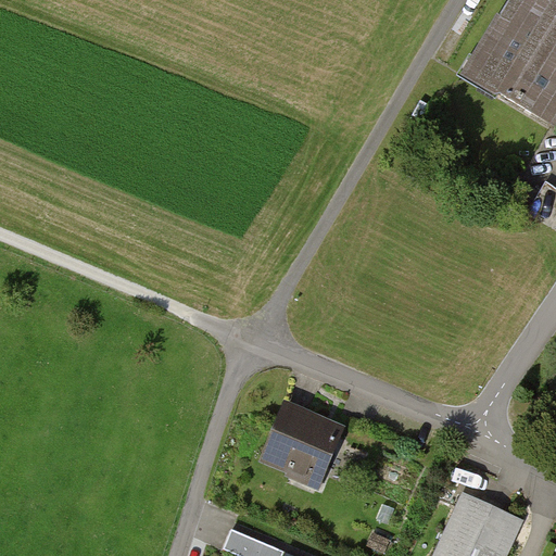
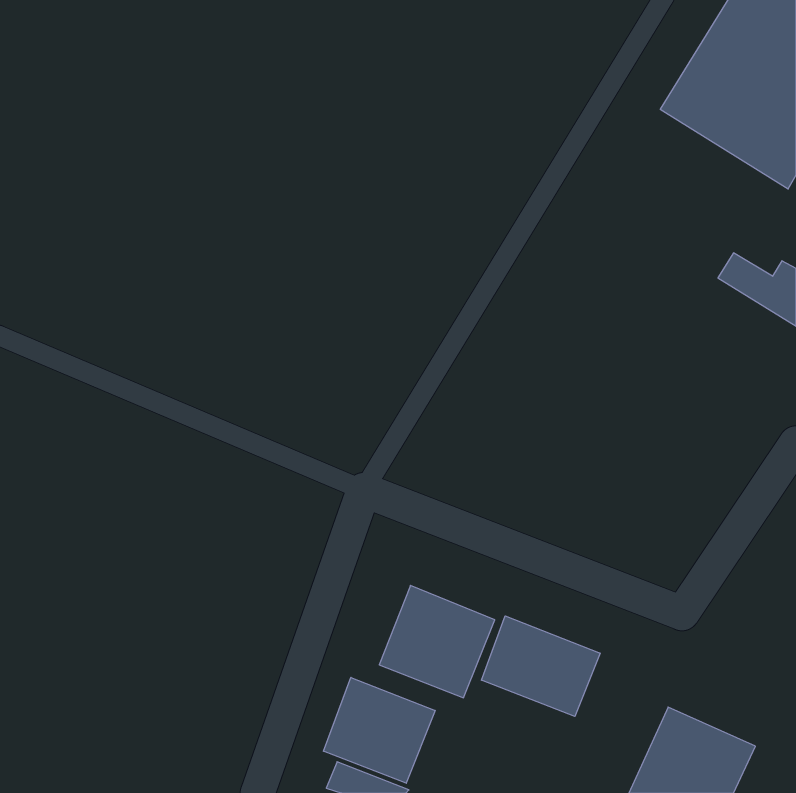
building: none -> [481,616,600,716]
building: none -> [323,677,435,783]

